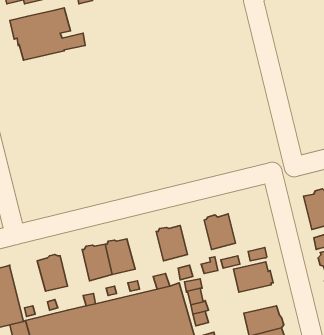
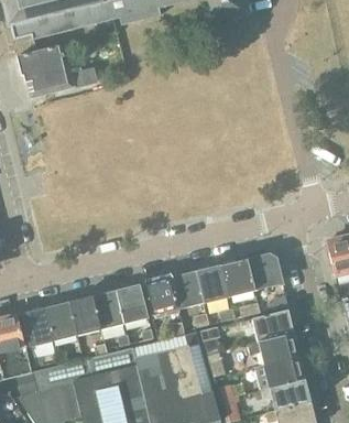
building: none -> [248,253,283,290]
building: none -> [197,265,230,302]
building: none -> [145,278,179,315]
building: none -> [70,296,101,335]
building: none -> [23,307,55,346]
building: none -> [249,334,301,364]

